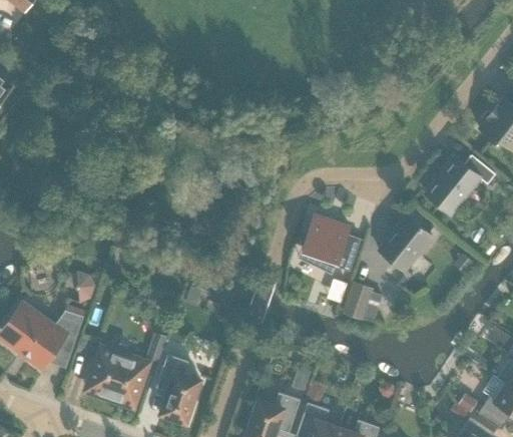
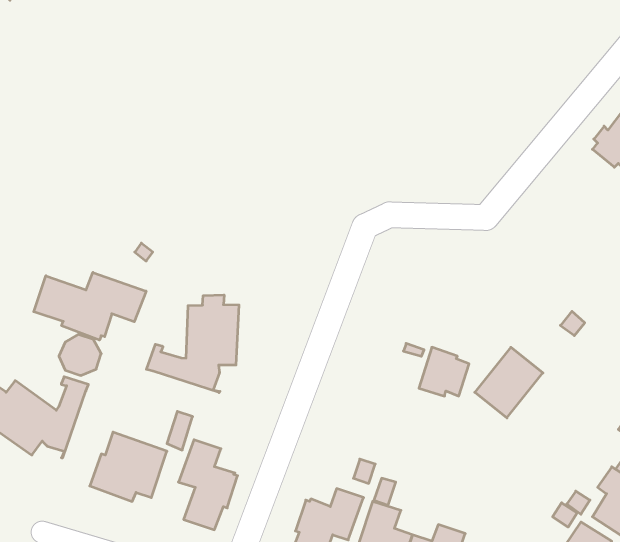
building: [426,156,496,214] -> none
building: [303,214,361,271] -> none
building: [380,215,433,271] -> [475,347,543,418]
building: none -> [34,272,146,340]
building: none -> [146,295,239,393]

